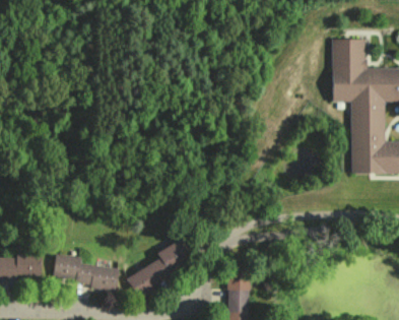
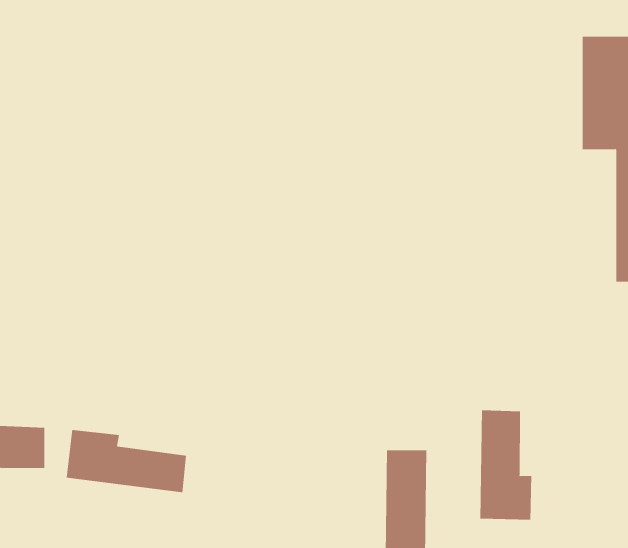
building: [127,239,192,297] -> none
building: none -> [480,409,532,520]

